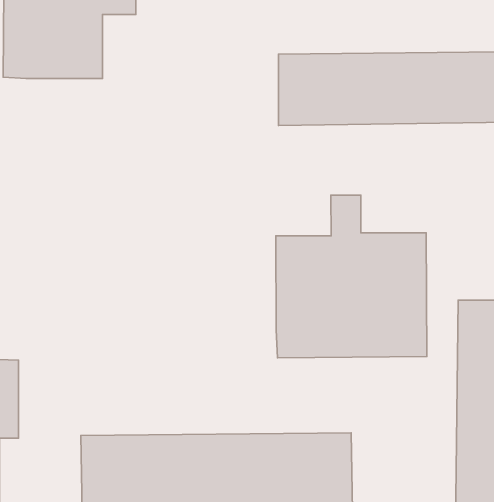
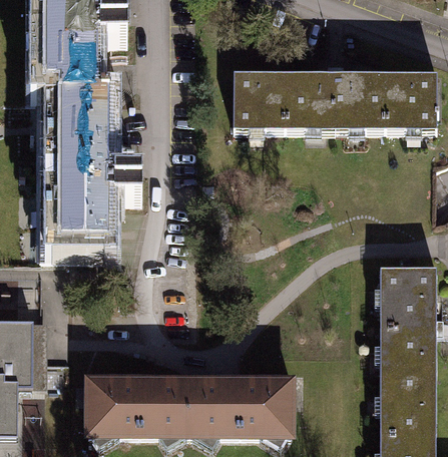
building: none -> [39,95,134,254]
building: [276,195,427,358] -> none

